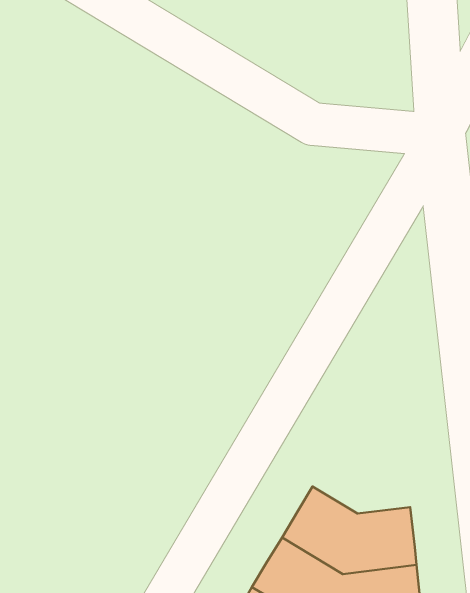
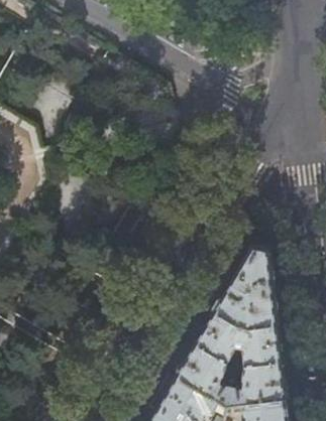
building: none -> [214,248,276,331]

